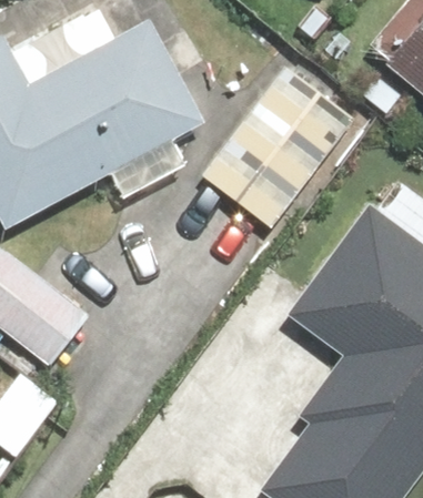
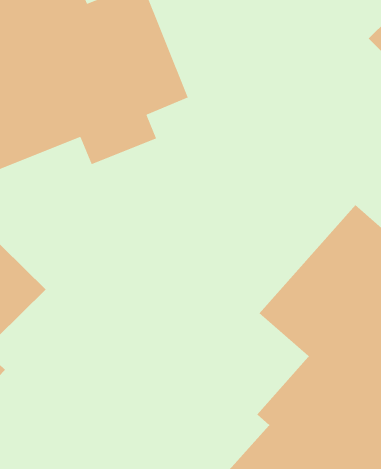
building: [205,64,357,226] -> none

